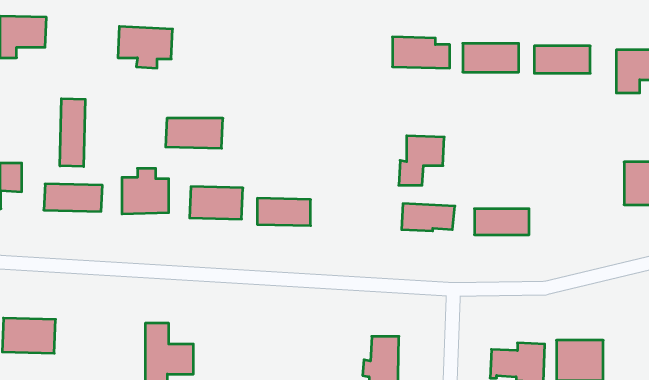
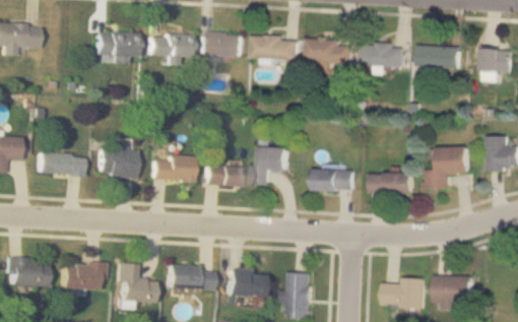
building: none -> [198,31,243,57]
building: none -> [253,38,299,59]
building: [60,99,85,167] -> none
building: [166,118,223,148] -> [146,33,191,56]
building: [399,136,444,185] -> [253,146,288,185]
building: none -> [426,146,469,188]
building: none -> [58,262,102,289]
building: none -> [165,264,210,289]
building: none -> [225,269,262,296]

